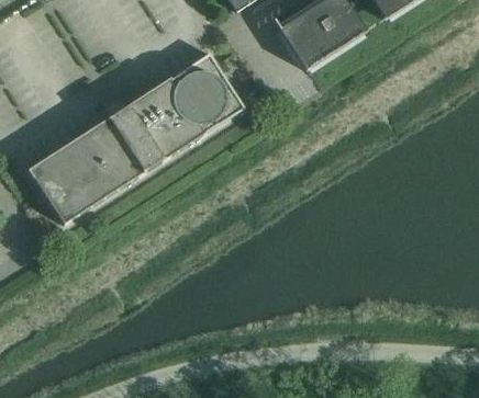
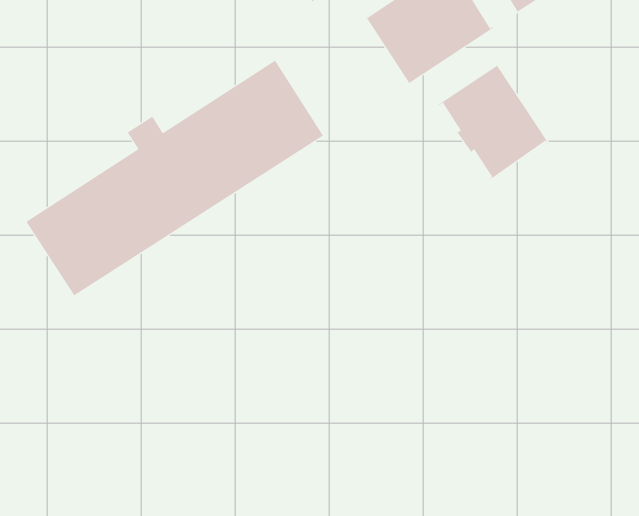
building: none -> [438,65,548,181]

